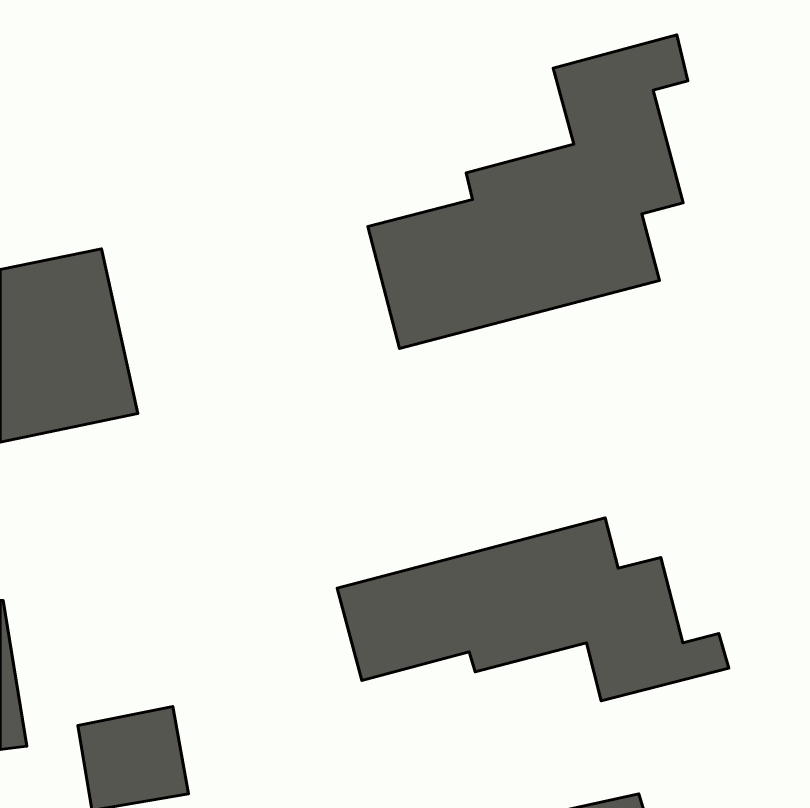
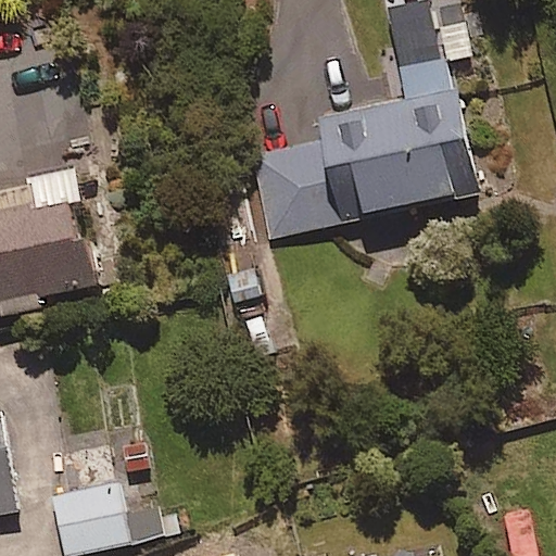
building: [337,518,729,701] -> none

